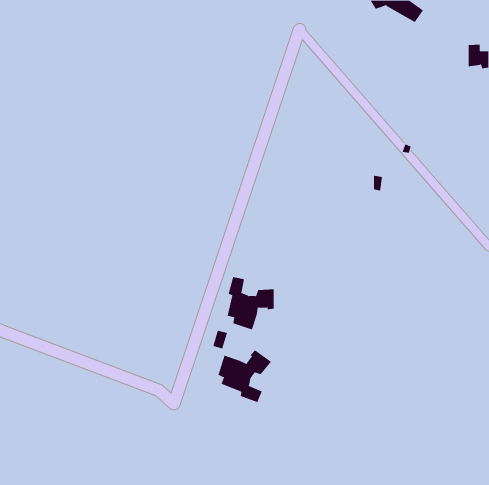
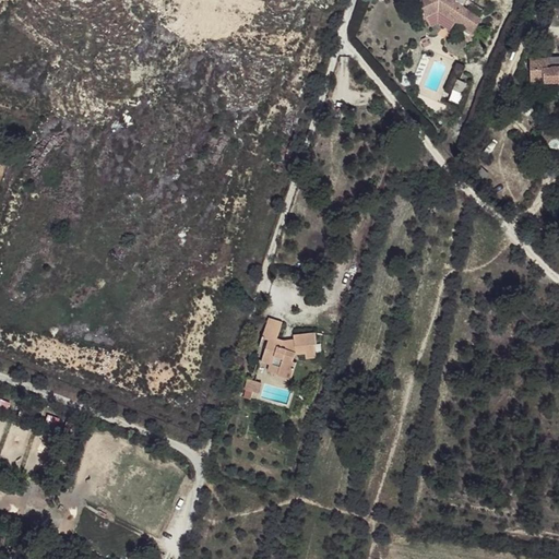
building: [218,350,272,403] -> none

